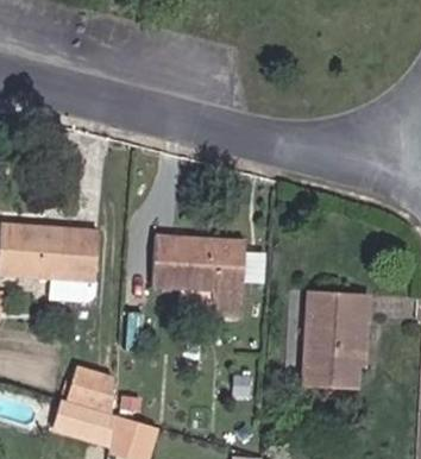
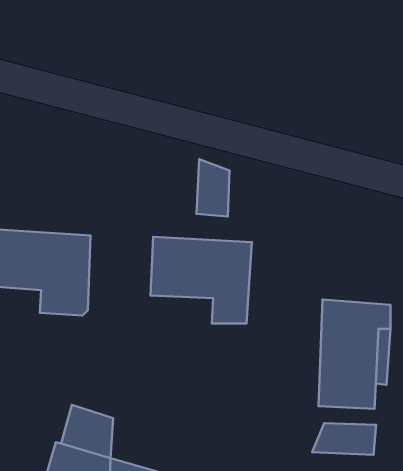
building: none -> [196,159,230,217]
building: none -> [312,423,376,455]

